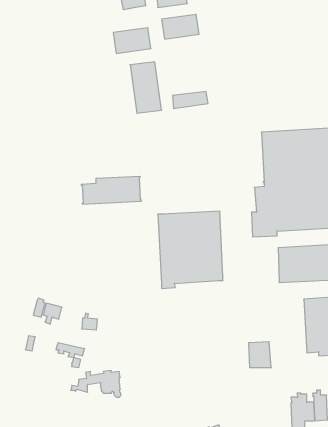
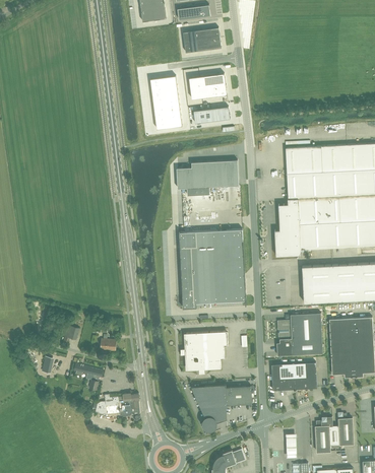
building: [113,28,151,53] -> [188,73,227,99]
building: [81,176,141,204] -> [176,160,238,189]
building: none -> [276,313,322,355]
building: none -> [180,332,228,374]
building: none -> [293,362,316,390]
building: none -> [193,385,251,423]

